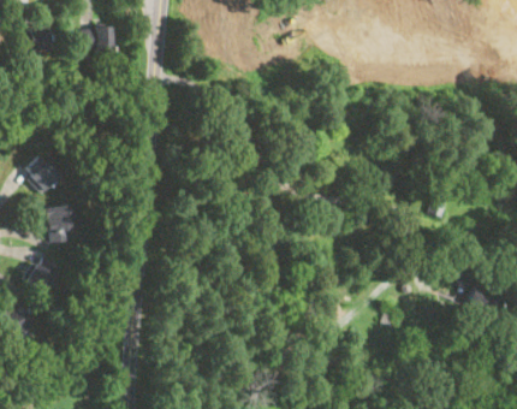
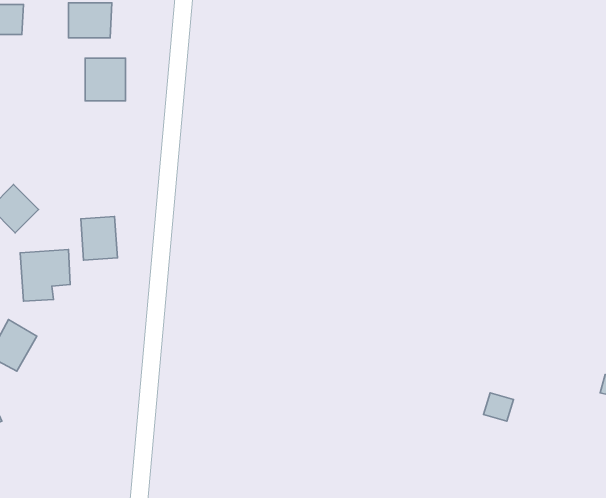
building: none -> [85,58,125,101]
building: none -> [81,217,117,260]

